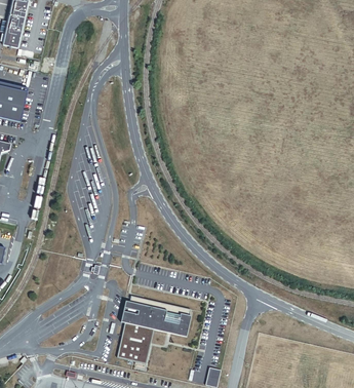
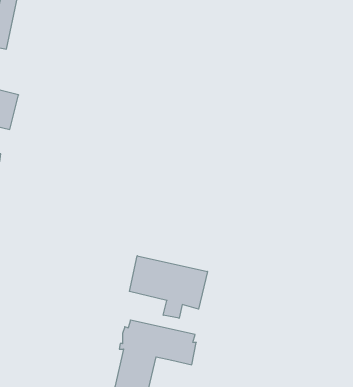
building: none -> [129,256,207,318]

